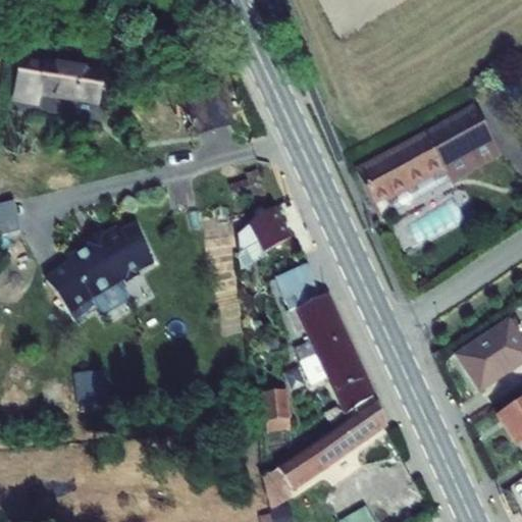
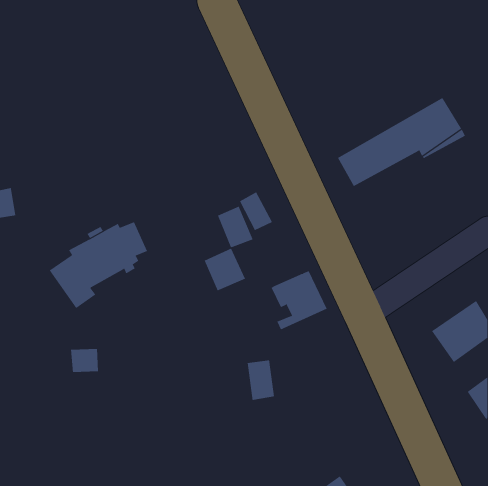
building: [11,62,102,101] -> none
building: [276,263,321,309] -> [204,248,246,291]
building: [298,333,373,410] -> none
building: [260,399,389,497] -> none

